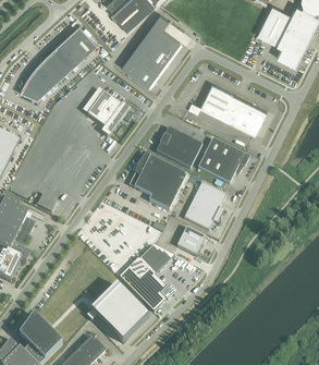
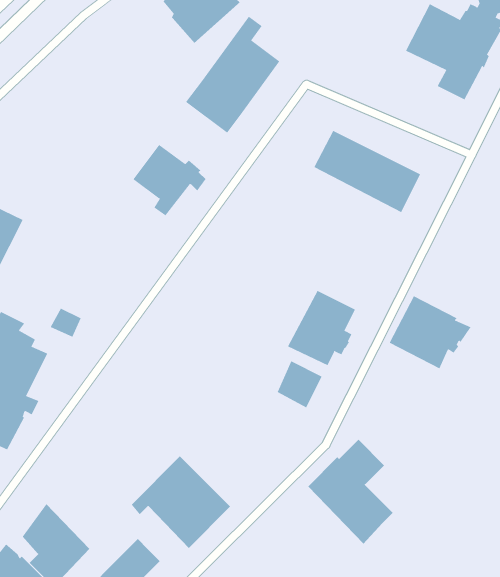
building: [21,24,96,99] -> none
building: [156,127,201,169] -> none
building: [197,138,248,184] -> [389,295,471,369]
building: [128,154,186,211] -> none
building: [119,247,172,313] -> [307,439,394,545]

